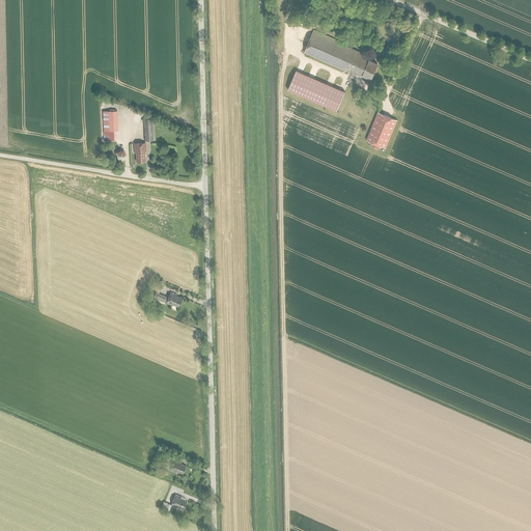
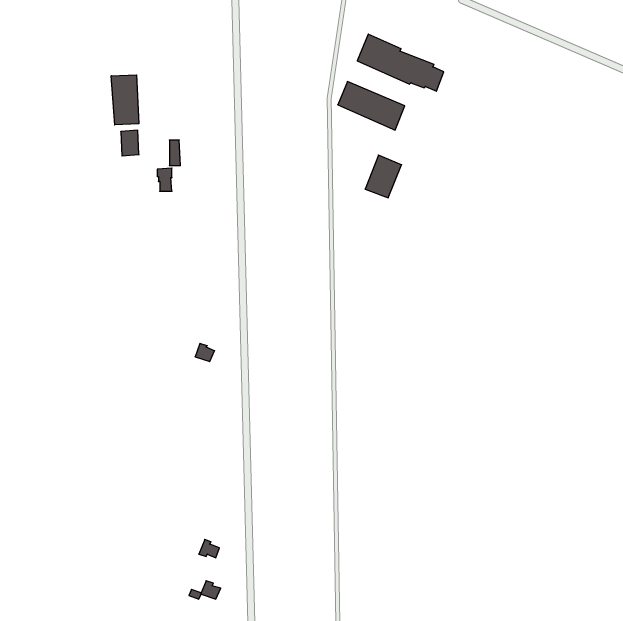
building: none -> [111,75,139,125]
building: [366,112,397,148] -> [365,155,402,198]

